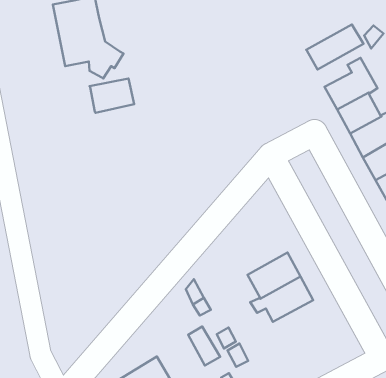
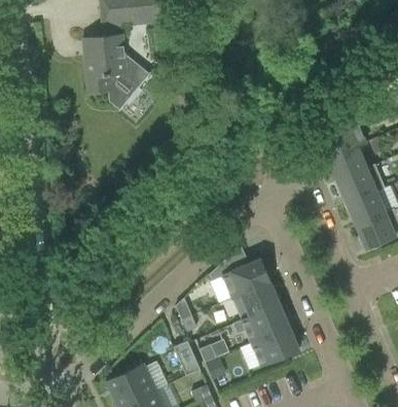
building: [306,25,363,69] -> none
building: [89,78,134,113] -> none
building: none -> [209,259,270,298]
building: none -> [251,327,299,366]

